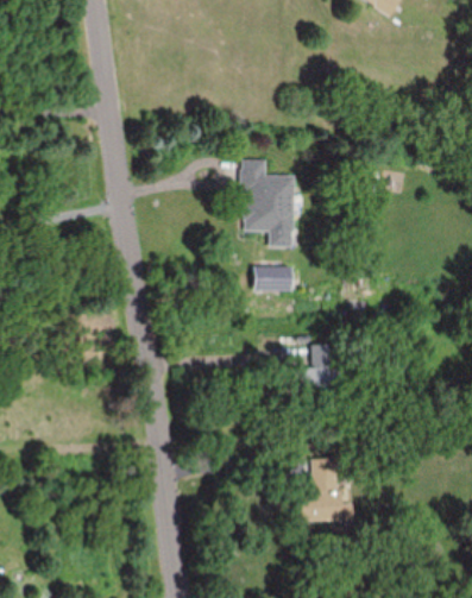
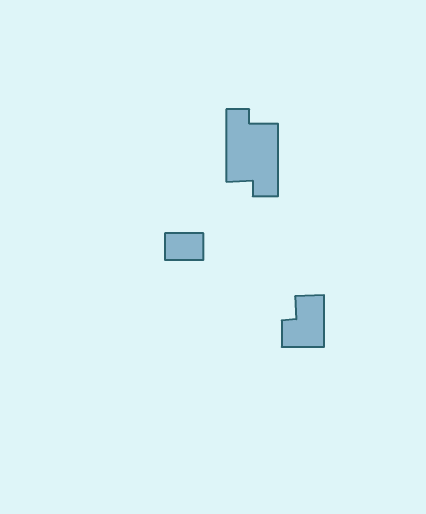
building: [256,265,294,291] -> [165,233,203,260]
building: [298,459,341,522] -> none

